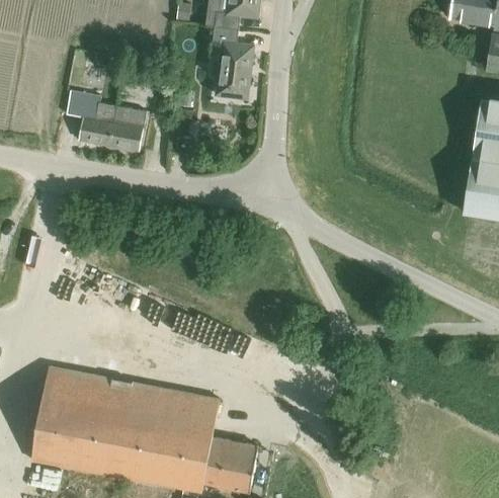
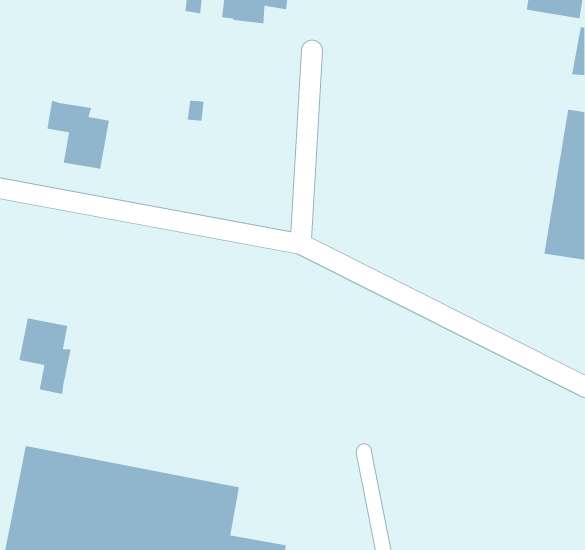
building: [212,27,254,100] -> none
building: [108,107,147,153] -> none
building: none -> [18,318,71,395]

